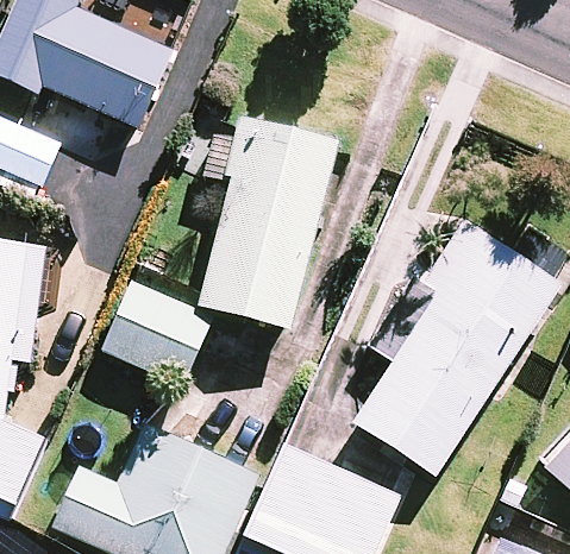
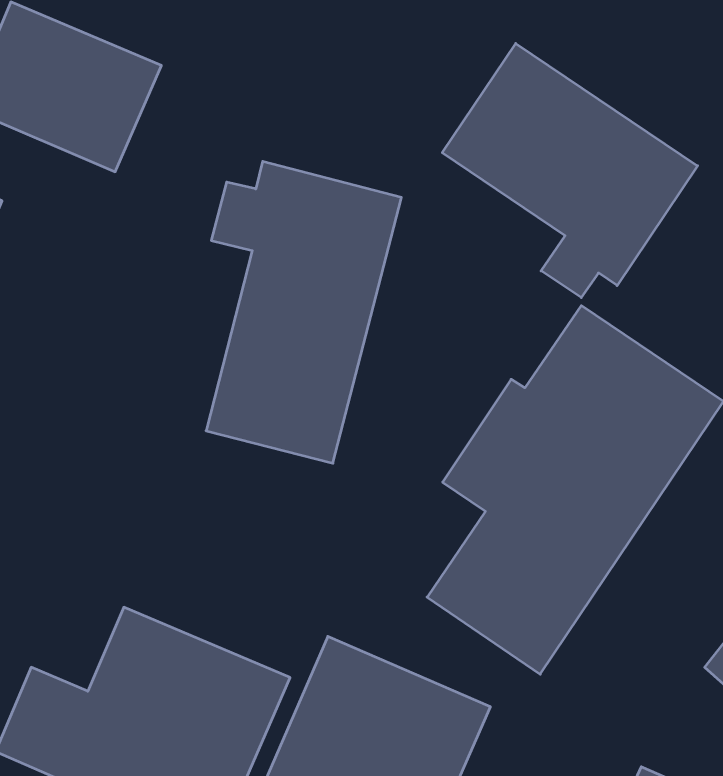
building: none -> [442,43,698,298]
building: [104,282,212,383] -> none

